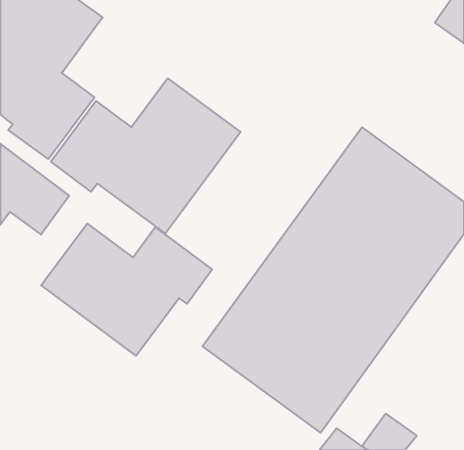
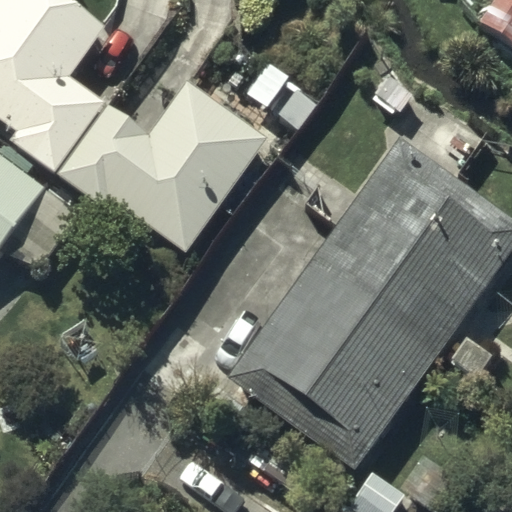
building: [41,224,212,356] -> none

